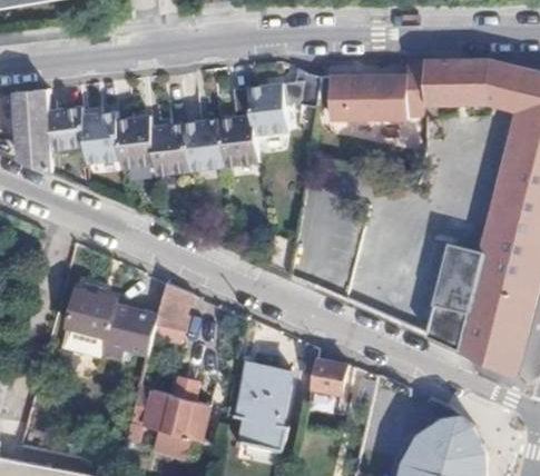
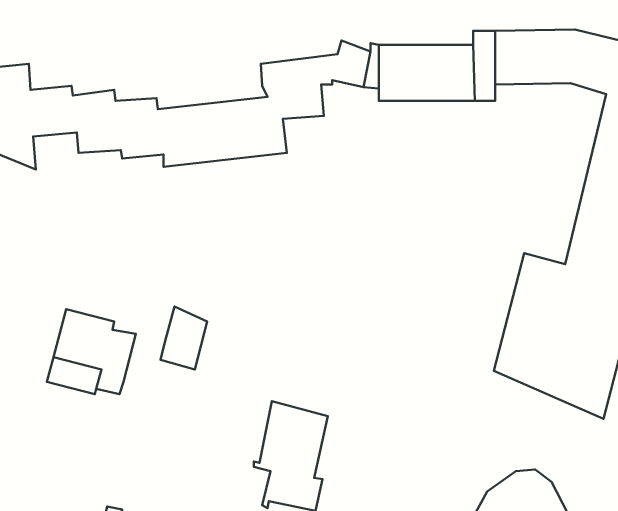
building: [124,308,157,354] -> none
building: [307,357,344,397] -> none
building: [130,379,207,439] -> none

